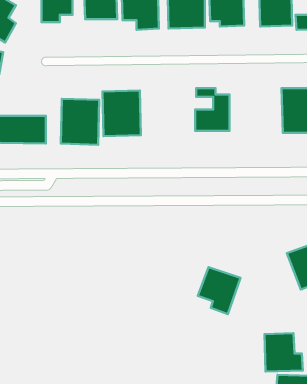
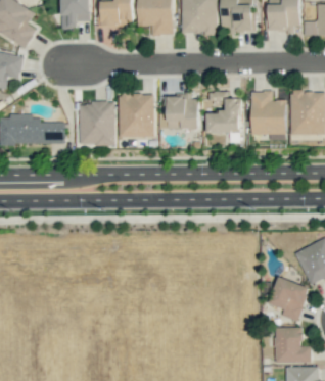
building: none -> [250,91,286,135]
building: none -> [158,96,199,130]
building: [198,267,241,314] -> [269,277,310,322]

